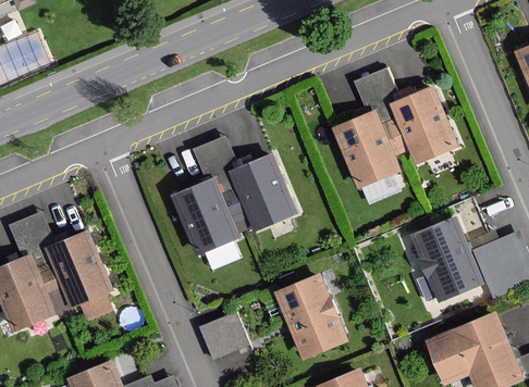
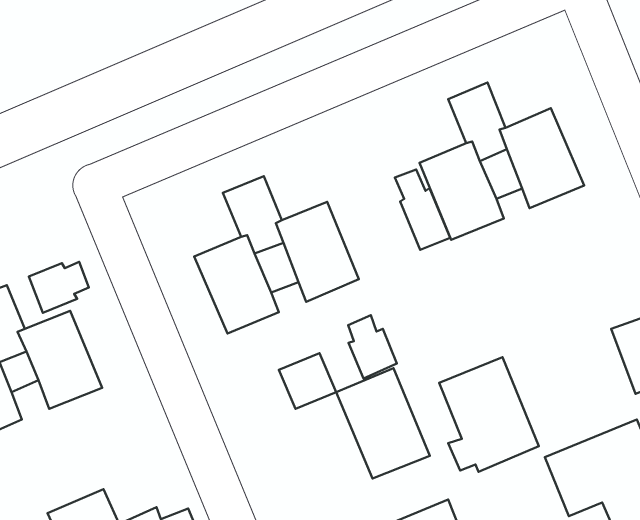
building: none -> [395,170,450,250]
building: none -> [29,262,89,313]
building: [410,217,482,300] -> [439,357,539,472]
building: none -> [348,315,397,379]
building: [202,315,244,355] -> [279,353,336,409]

